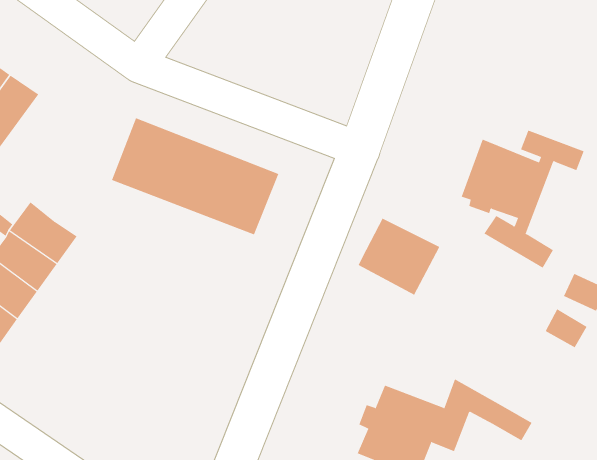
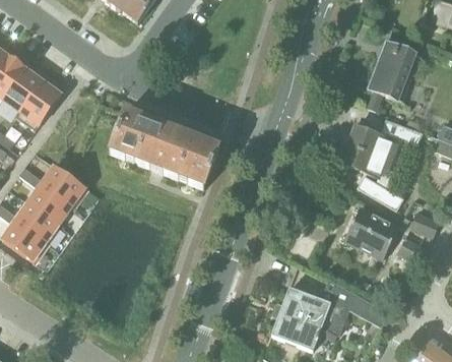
building: none -> [369,41,416,99]
building: [358,218,440,296] -> [347,205,402,257]

